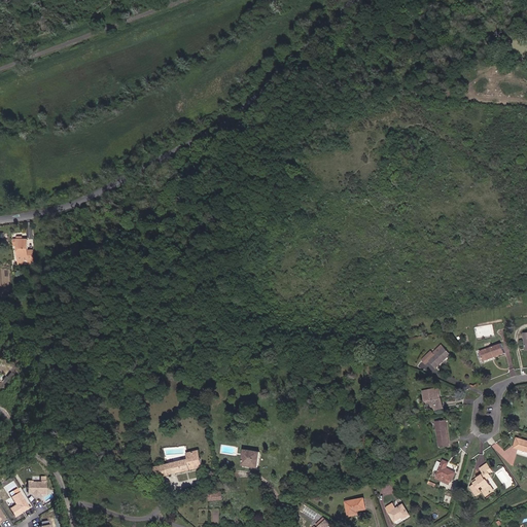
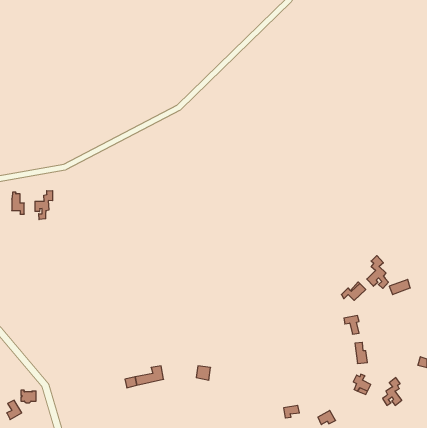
building: none -> [35,191,53,220]
building: none -> [367,256,388,288]

